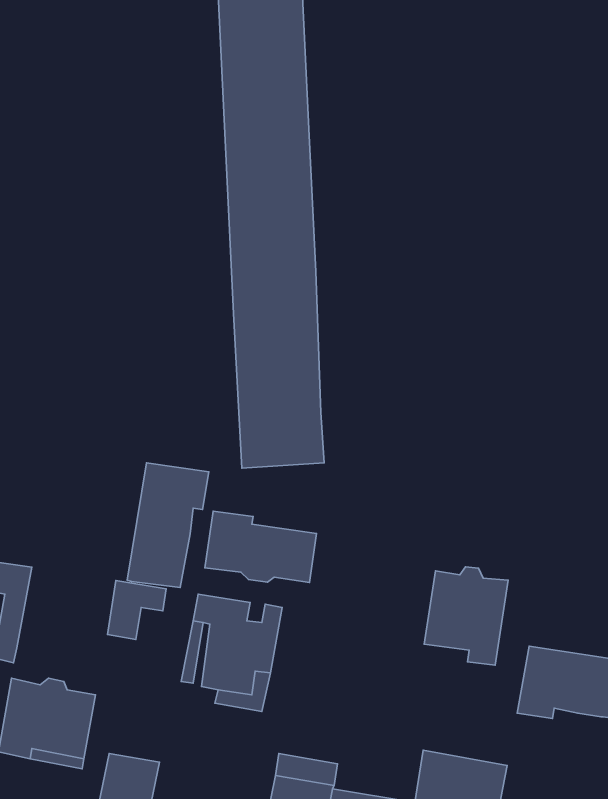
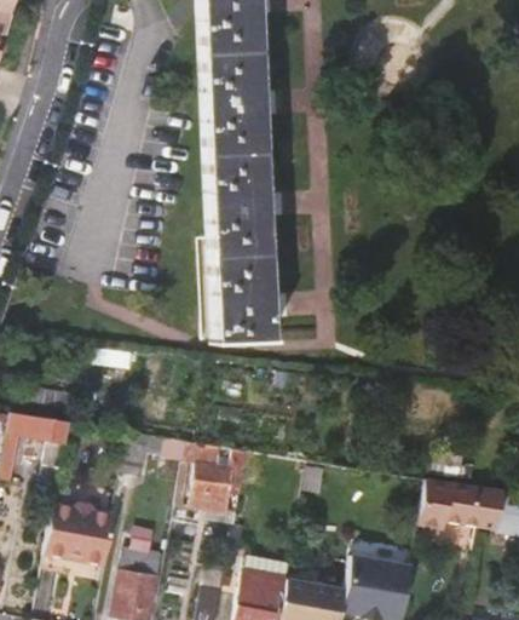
building: [127,463,209,588] -> none
building: [205,511,317,583] -> none
building: [424,567,508,665] -> none

